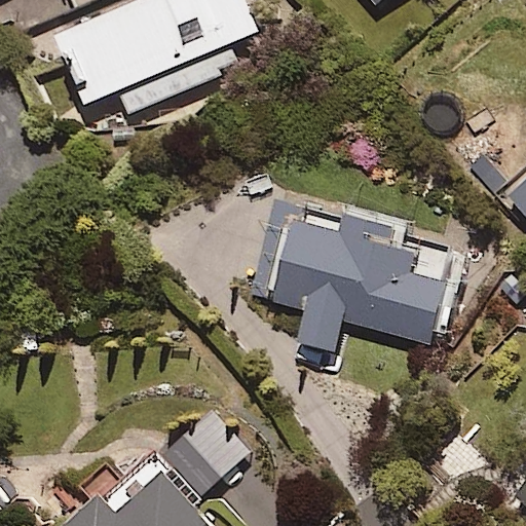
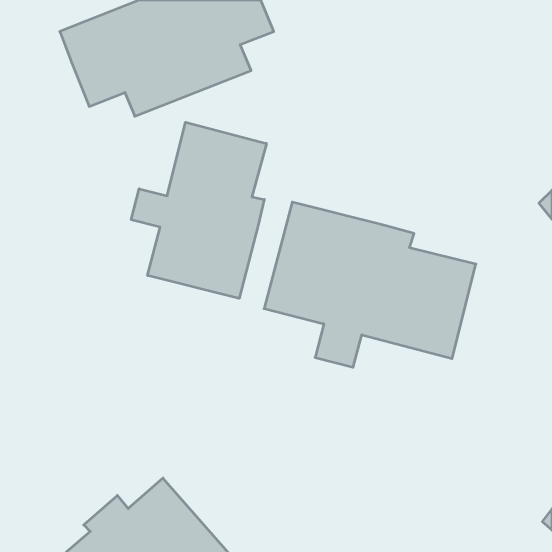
building: none -> [131,122,266,298]
building: [166,413,248,494] -> none

